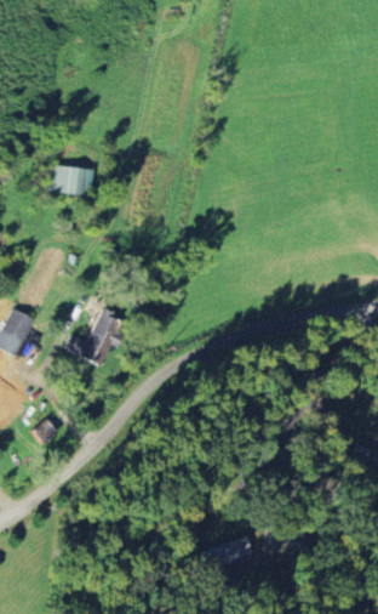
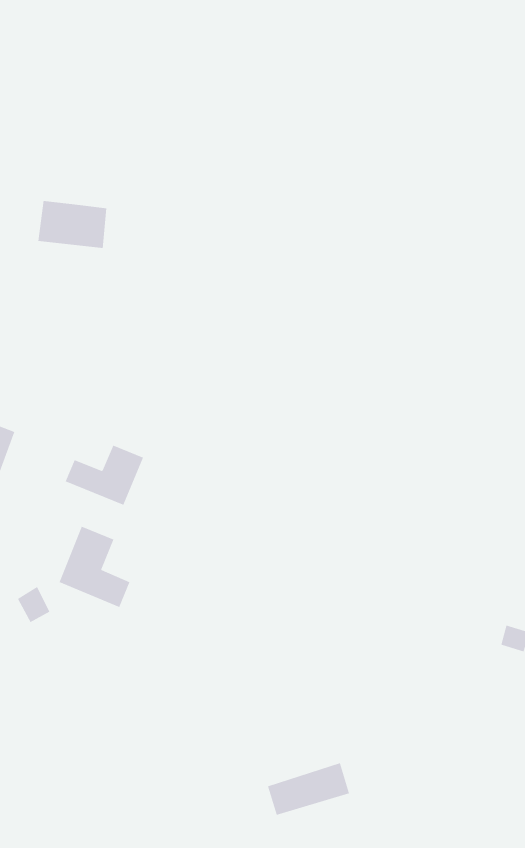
building: none -> [59,526,130,608]

